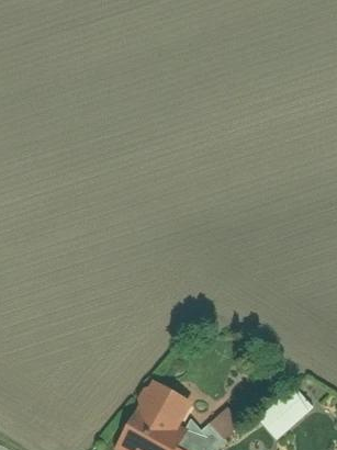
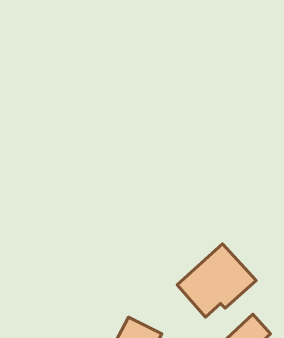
building: none -> [177,244,256,317]

